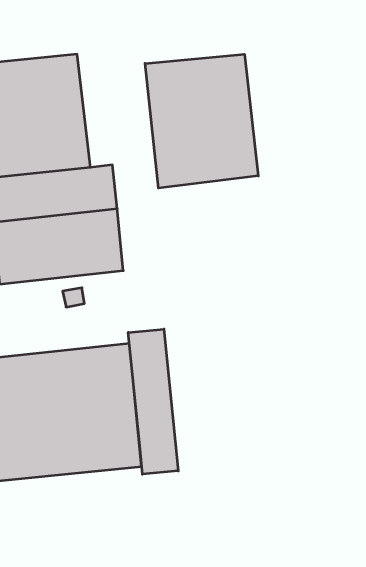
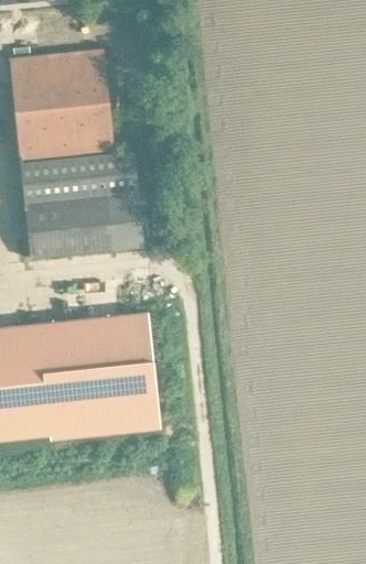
building: [145,54,258,188] -> none
building: [128,329,178,474] -> none

